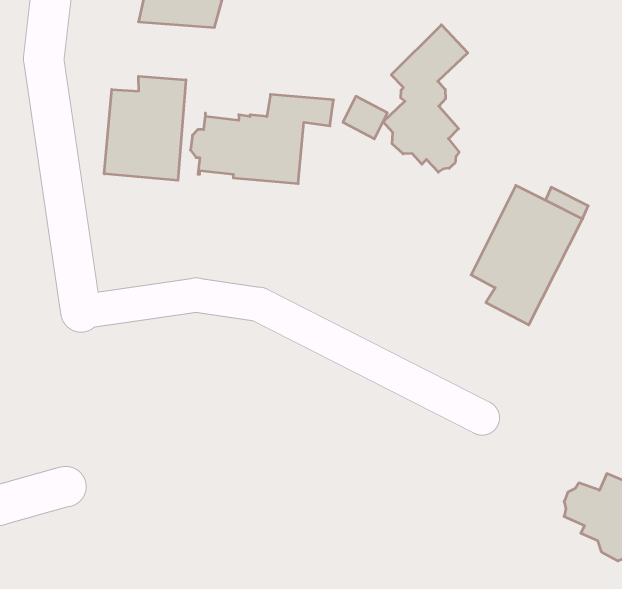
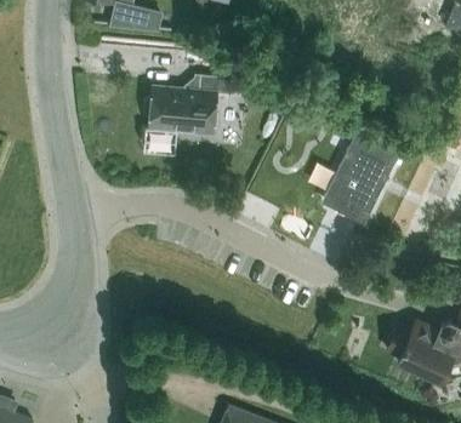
building: [383,25,468,172] -> none
building: [104,76,186,180] -> none

